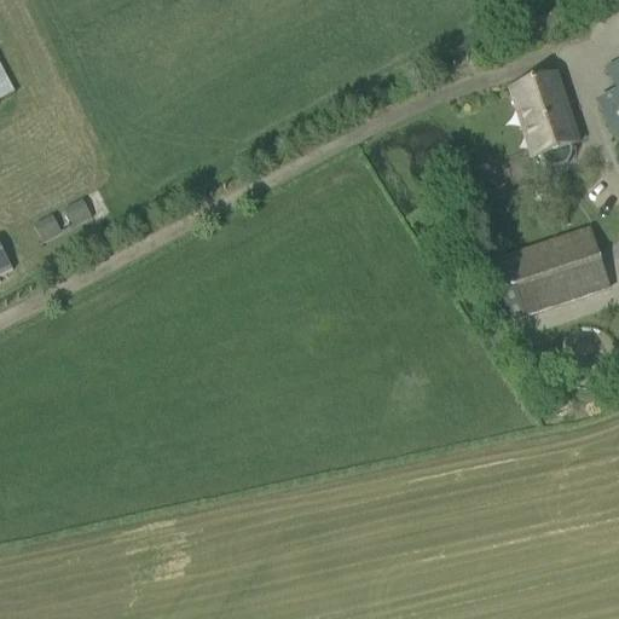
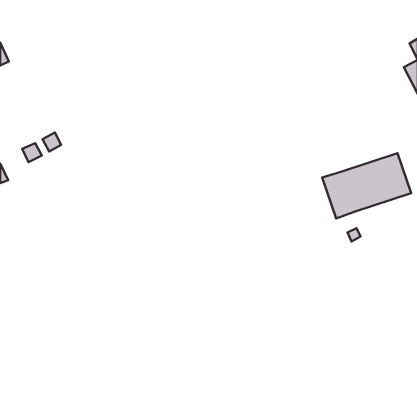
building: [511,71,579,166] -> none

